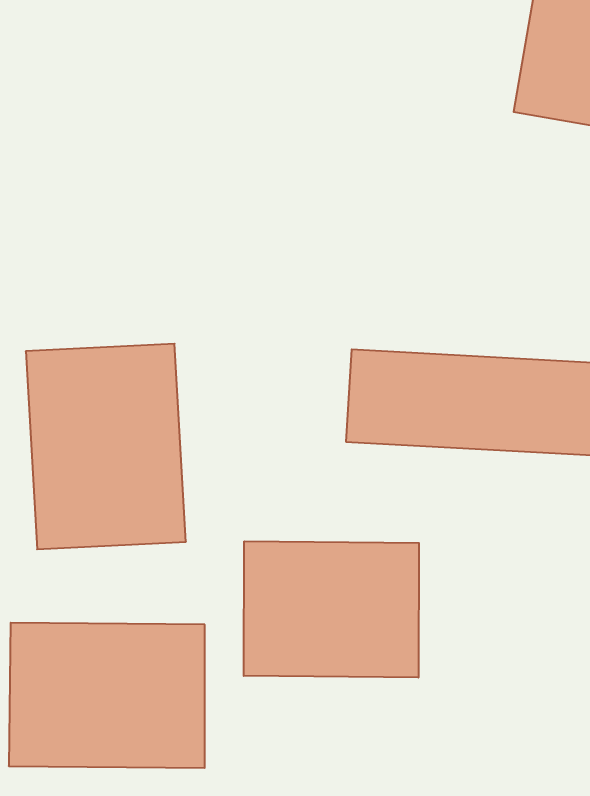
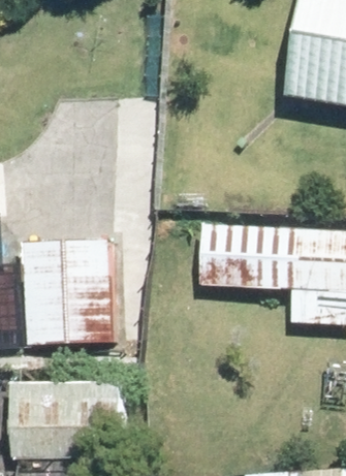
building: [244,541,419,678] -> none

